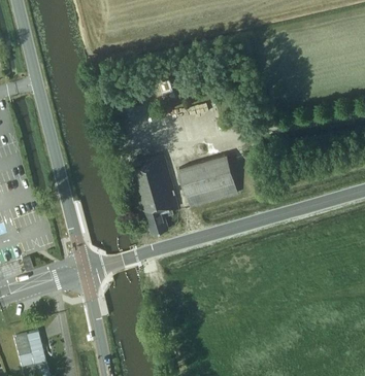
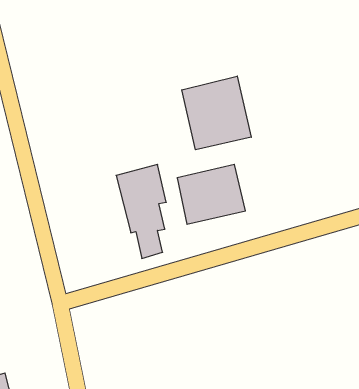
building: none -> [182,76,251,150]

